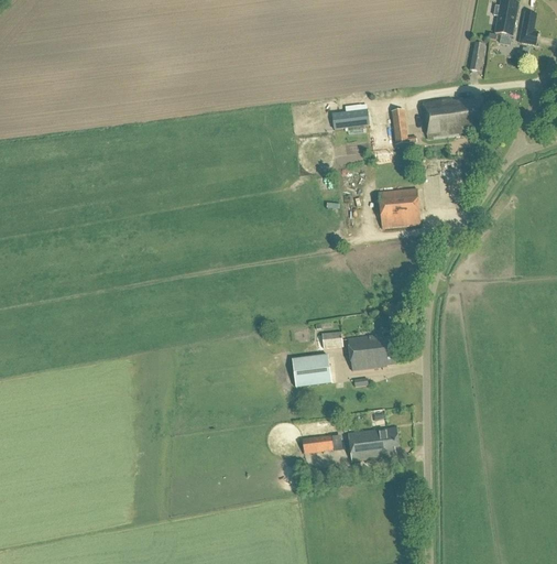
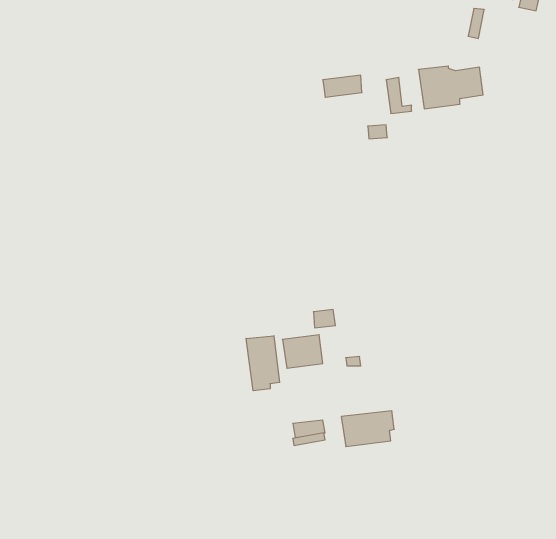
building: [378,188,421,228] -> none
building: [348,330,395,370] -> none
building: none -> [246,336,280,391]

